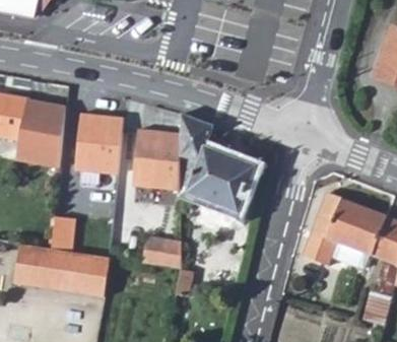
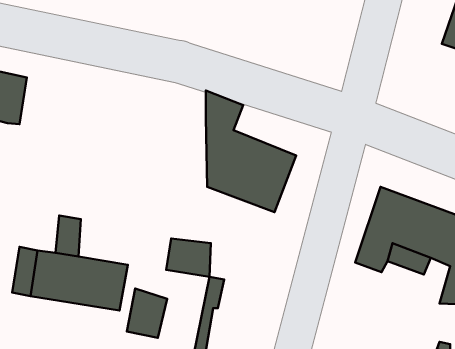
building: [17,99,65,167] -> none
building: [75,115,121,173] -> none
building: [132,129,179,192] -> none
building: none -> [127,288,167,338]

